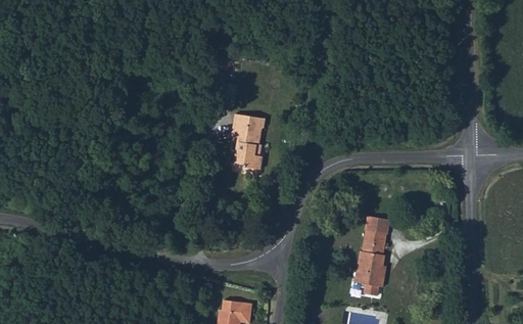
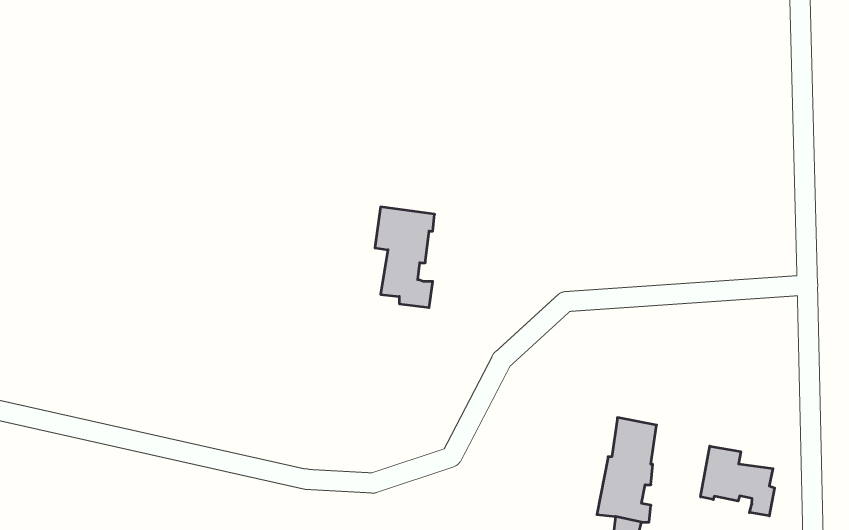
building: none -> [701,446,775,516]

